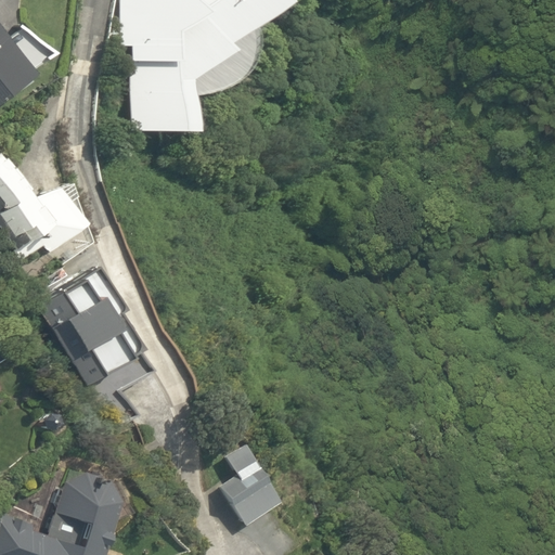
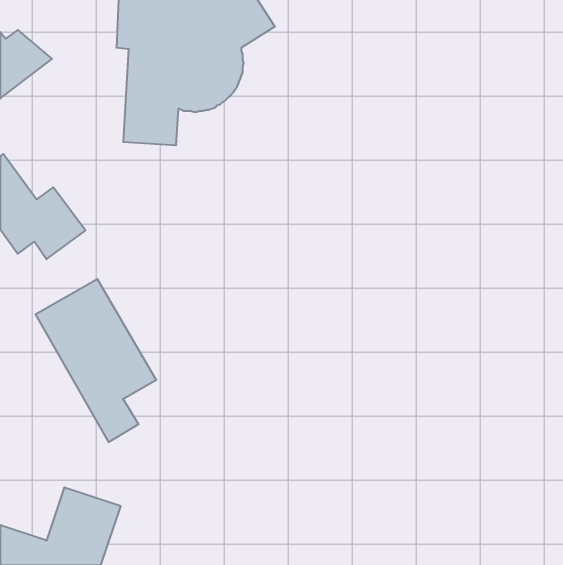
building: [220,433,284,526] -> none

